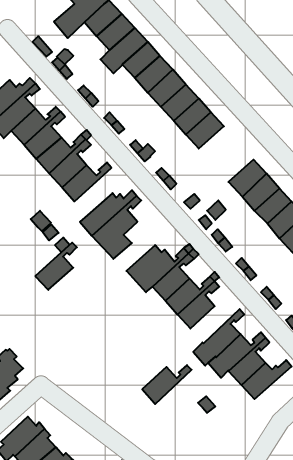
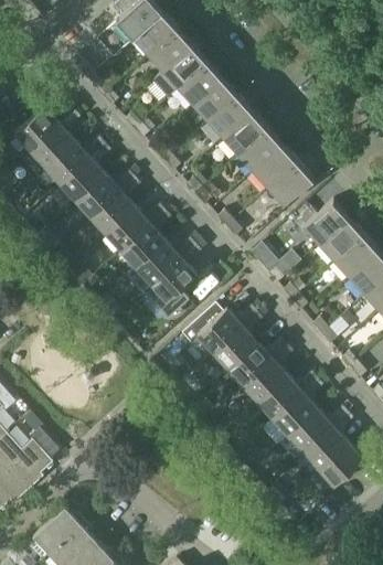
building: none -> [268,162,313,206]
building: [35,243,77,290] -> [120,212,170,268]
building: [142,365,192,404] -> [258,374,317,420]

